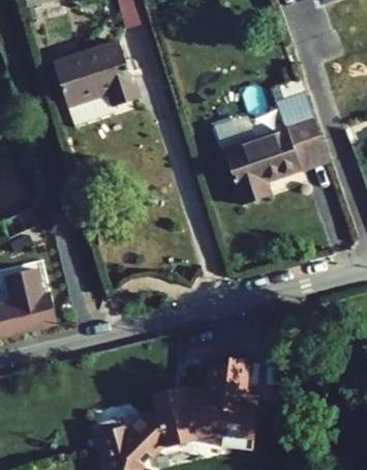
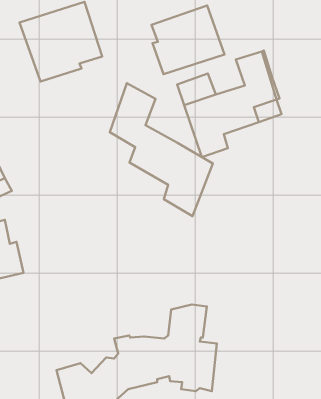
building: none -> [151,6,224,74]
building: none -> [110,83,213,216]

